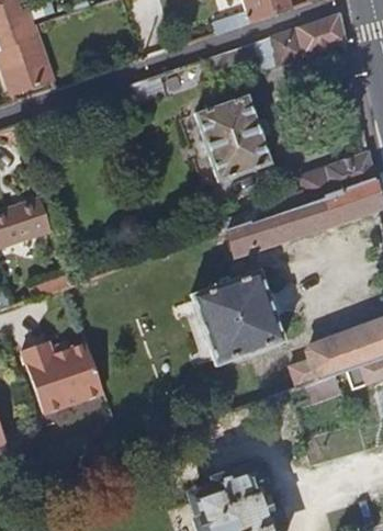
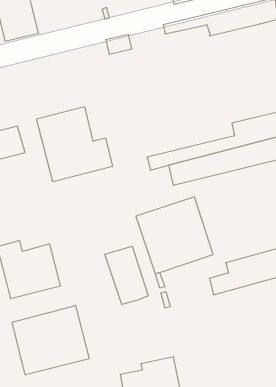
building: [196,95,269,180] -> none
building: none -> [37,107,112,182]
building: none -> [105,246,148,305]
building: none -> [12,305,89,375]

